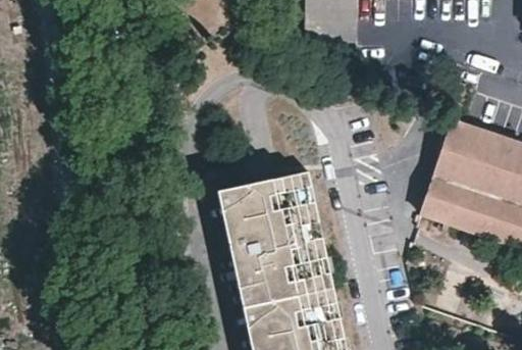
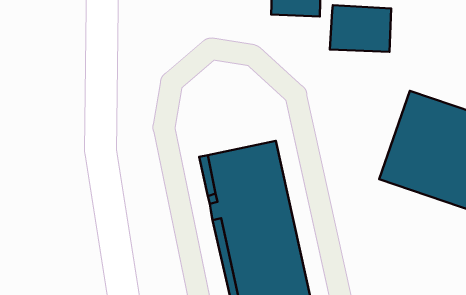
building: none -> [330,5,391,52]

